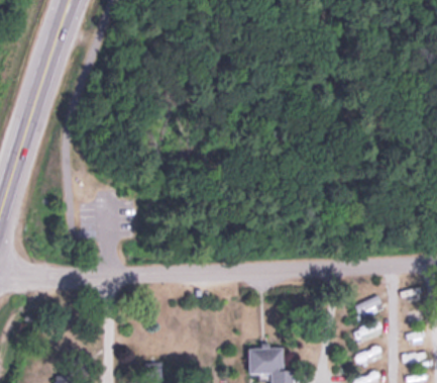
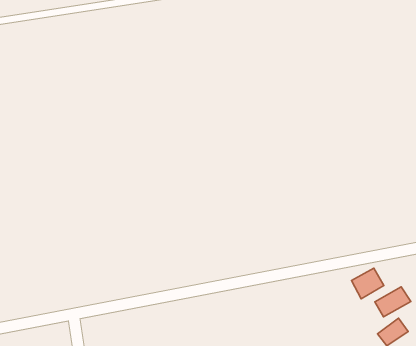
building: none -> [352,268,384,299]

